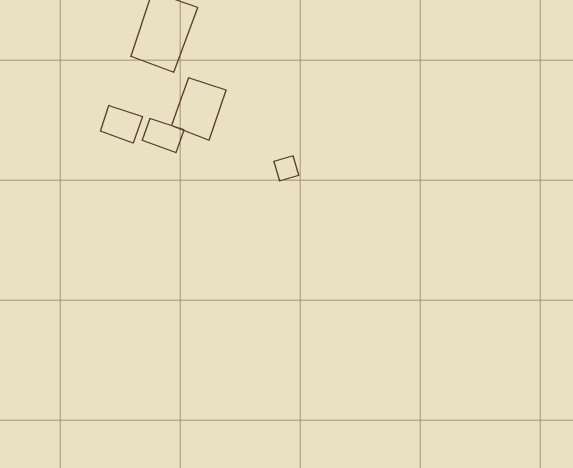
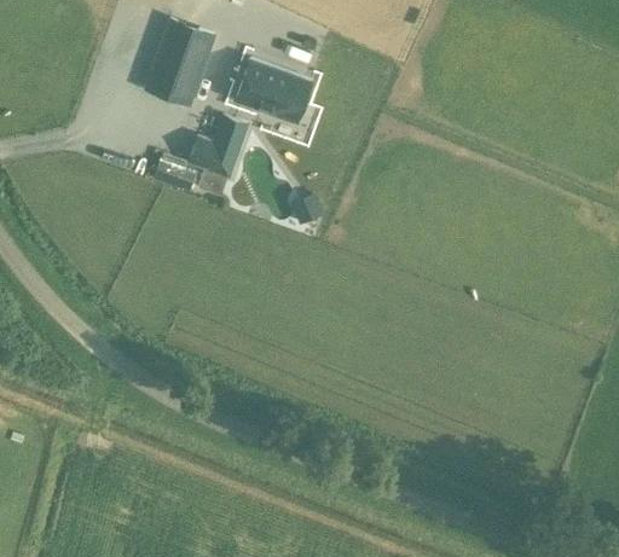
building: none -> [237,62,311,122]
building: [100,105,142,143] -> none

